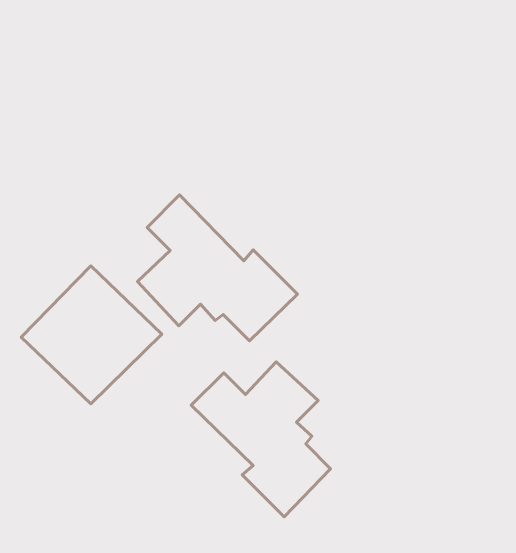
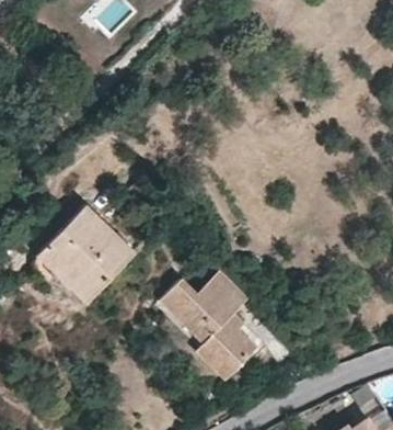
building: [137,195,298,341] -> none

